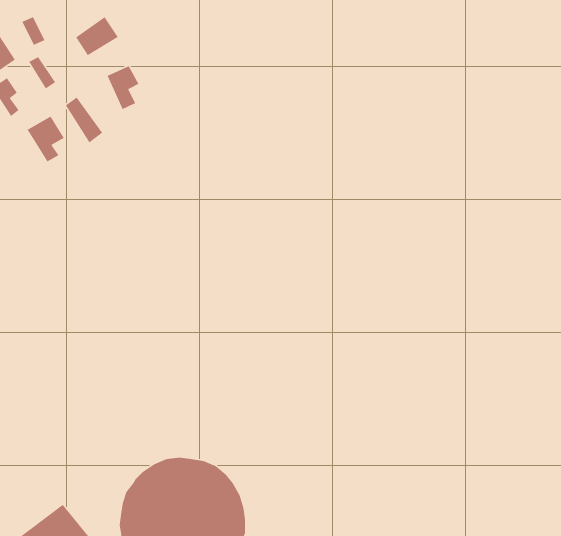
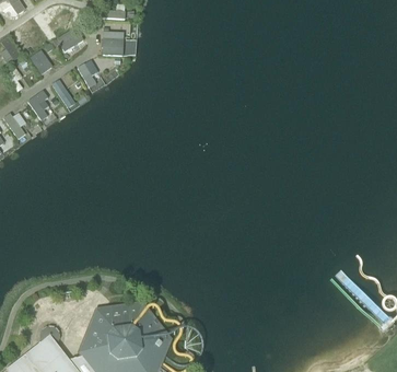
building: none -> [102,31,124,55]

